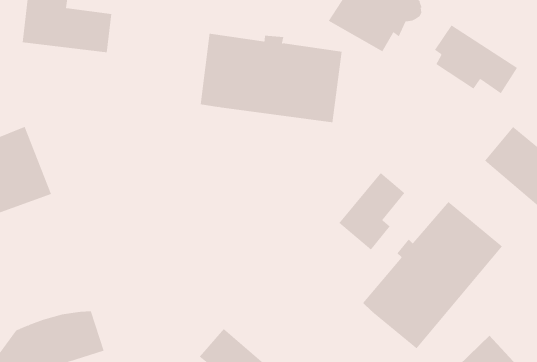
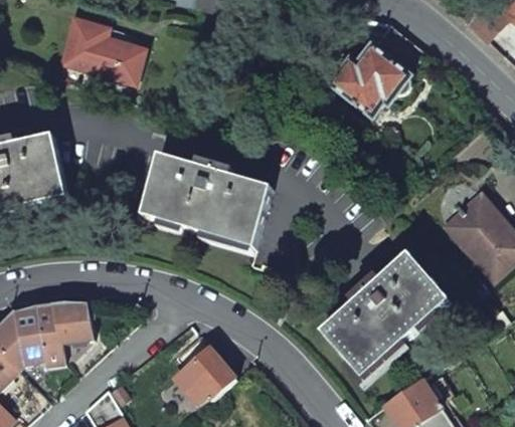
building: [434,24,518,94] -> none
building: [200,33,342,123] -> [141,154,271,247]
building: [338,172,405,250] -> none

